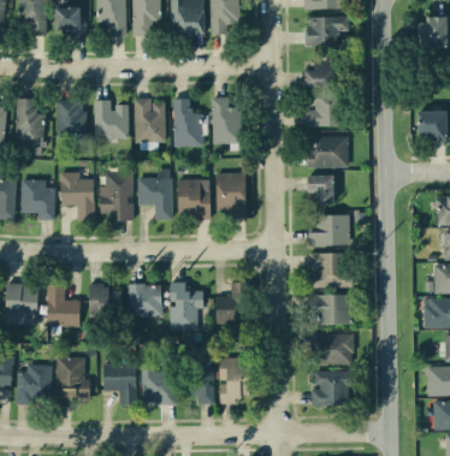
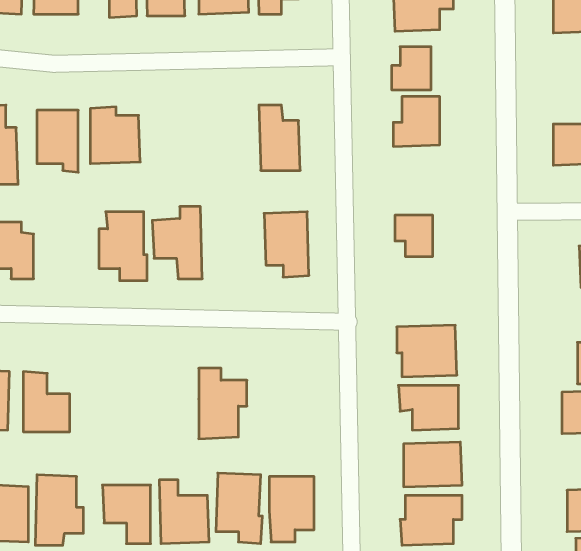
building: [172,97,202,147] -> none
building: [134,100,165,149] -> none
building: [307,135,348,167] -> none
building: [60,172,94,220] -> none
building: [177,178,211,219] -> none
building: [308,214,349,244] -> none
building: [215,282,248,322] -> none
building: [88,283,122,312] -> none
building: [128,284,162,316] -> none

